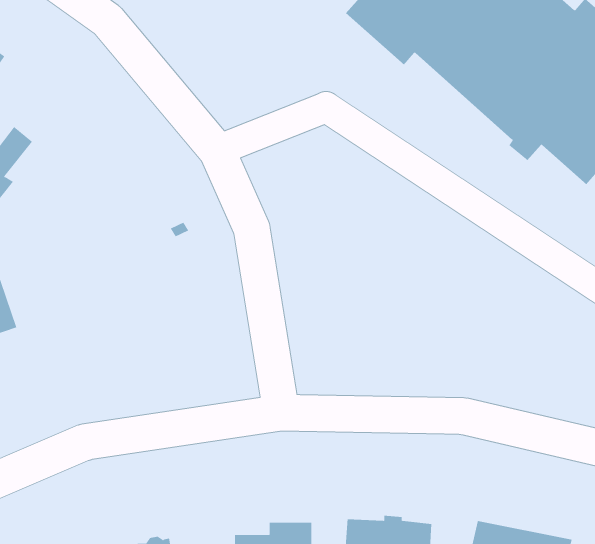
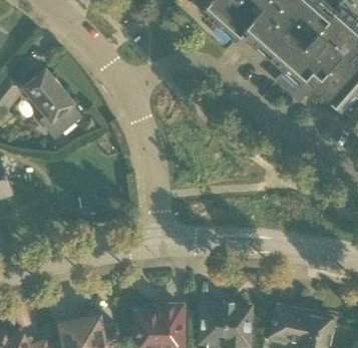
building: none -> [23,69,81,138]

